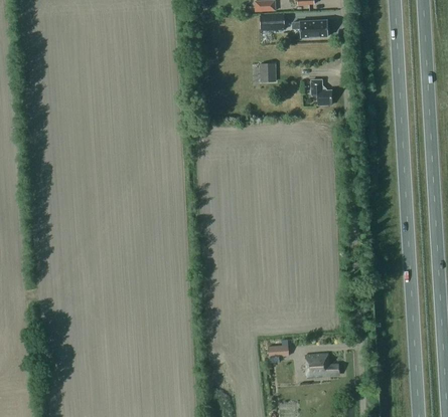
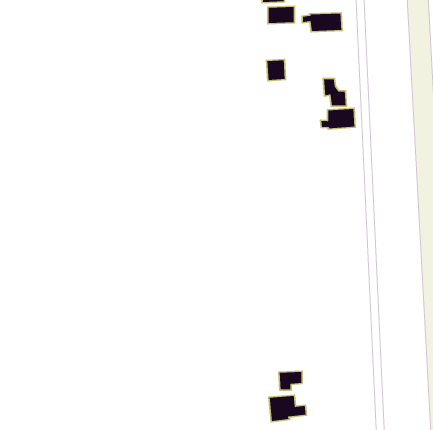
building: none -> [321,108,355,129]
building: [304,353,338,377] -> [269,395,307,422]

